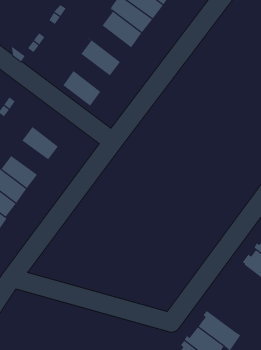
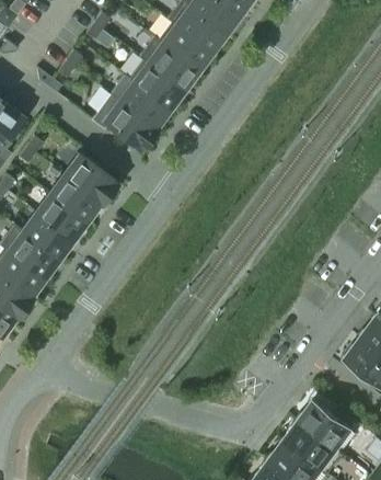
building: none -> [139,38,197,90]
building: none -> [119,79,169,129]
building: none -> [65,156,117,204]
building: none -> [36,194,86,240]
building: none -> [297,401,351,448]

